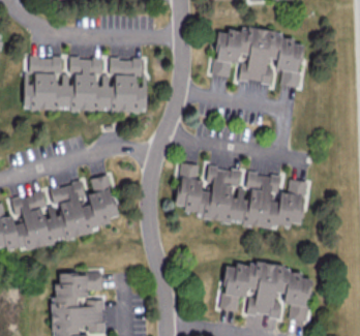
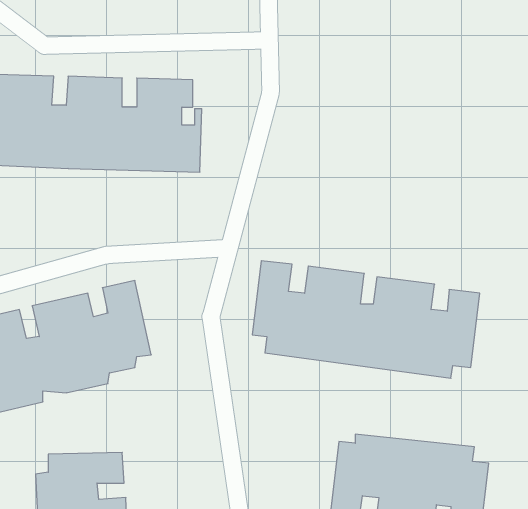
building: [212,26,303,87] -> none

